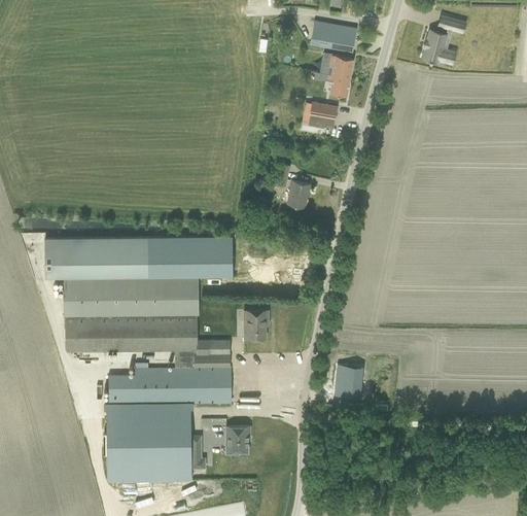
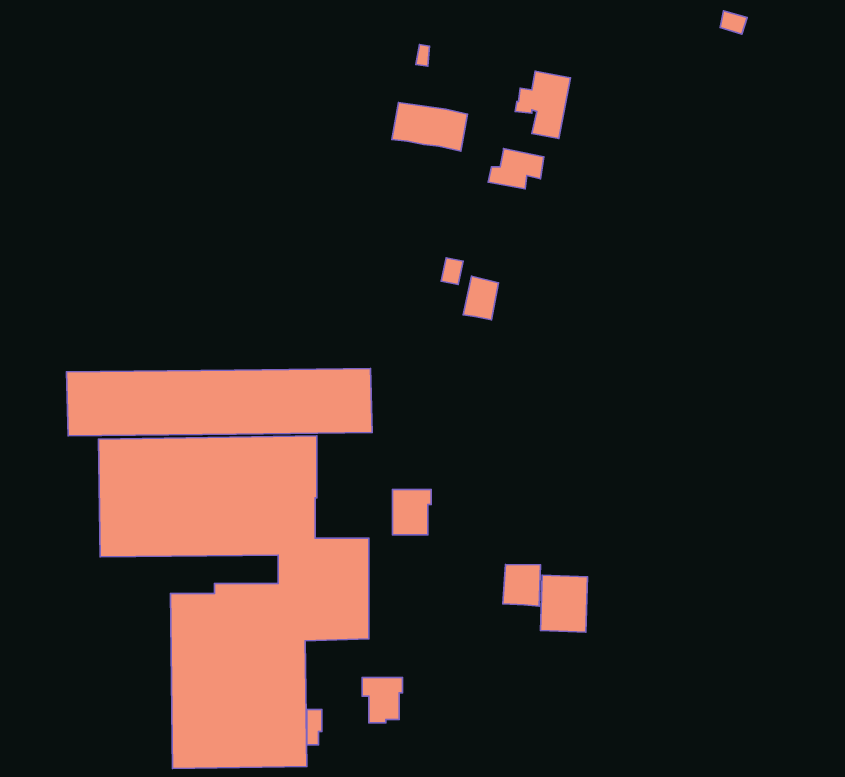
building: [310,22,356,51] -> [392,102,468,151]
building: [419,30,445,62] -> none
building: none -> [503,565,541,606]

